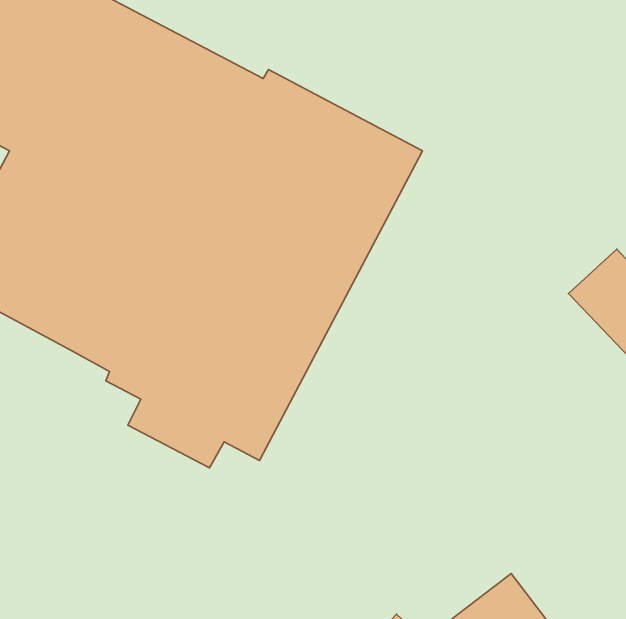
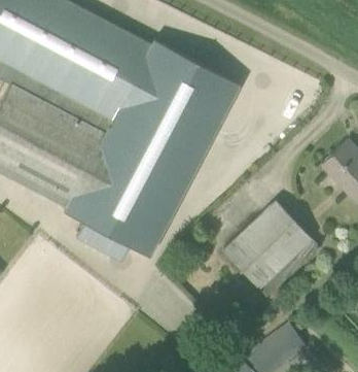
building: none -> [224,201,321,297]

